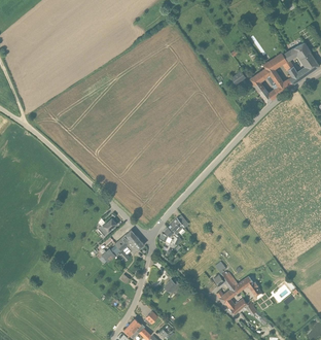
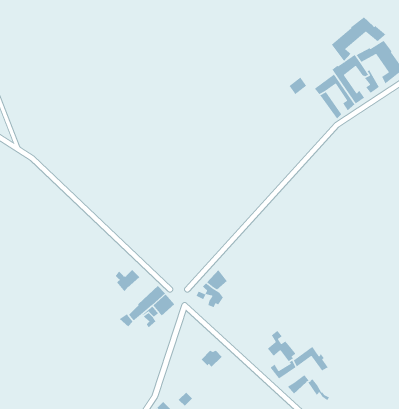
building: none -> [331,16,386,62]

